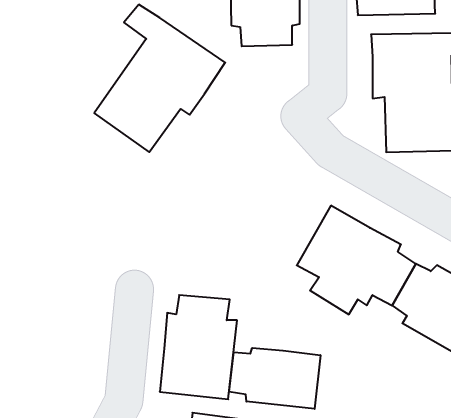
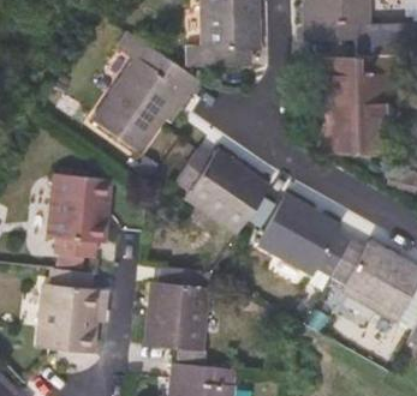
building: none -> [177,148,269,233]
building: none -> [49,174,111,258]
building: none -> [38,269,100,353]
building: [229,348,320,409] -> none

